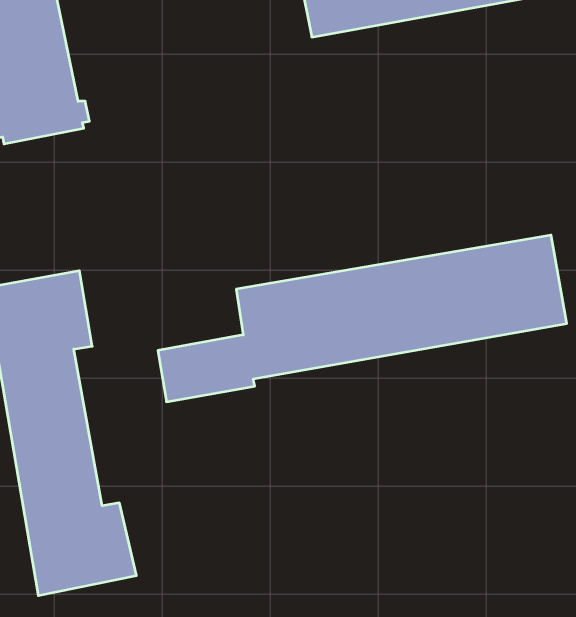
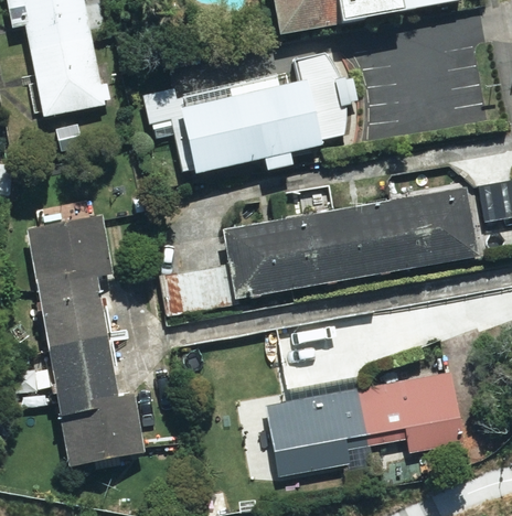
building: none -> [171,57,335,172]
building: none -> [265,373,462,476]

